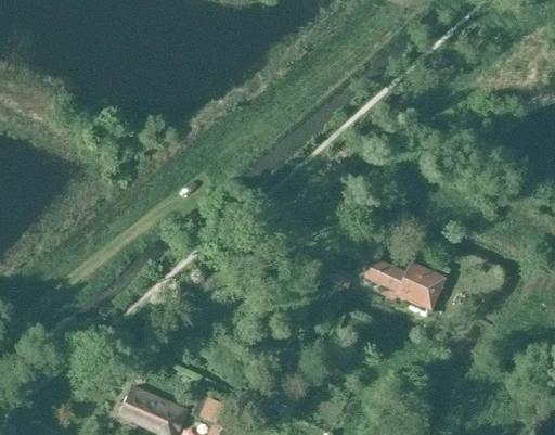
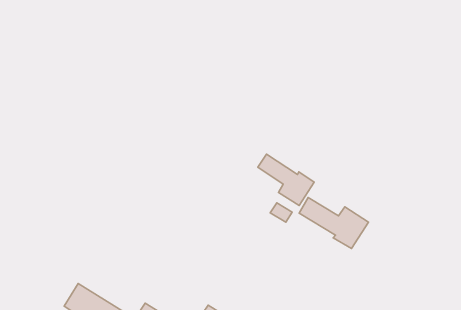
building: none -> [258,154,314,205]

